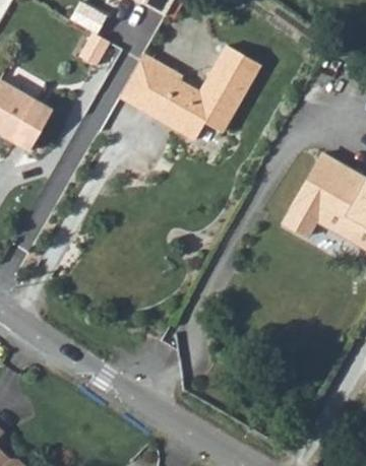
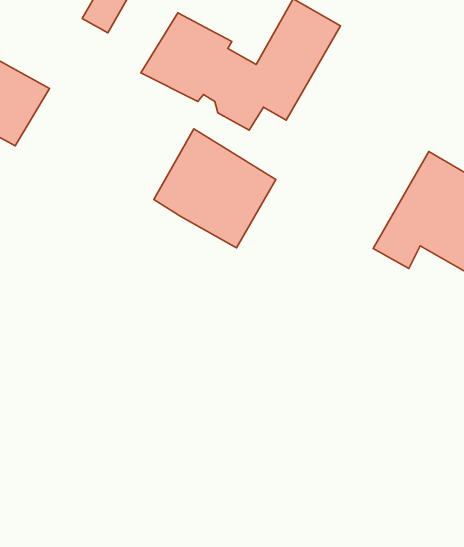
building: none -> [154,129,276,248]

